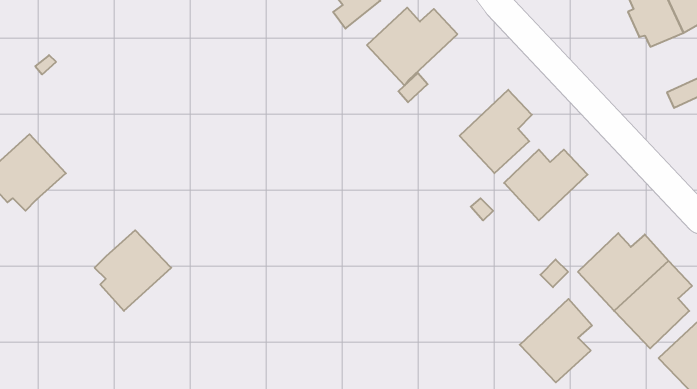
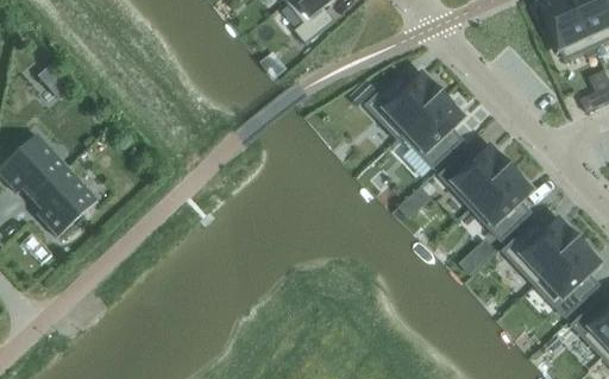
building: [367,8,457,85] -> [368,71,445,138]
building: [95,230,171,311] -> [32,165,98,234]
building: [520,299,592,382] -> [471,166,533,238]

